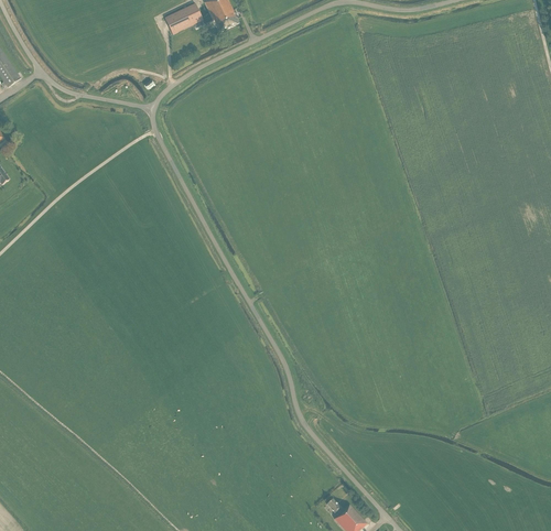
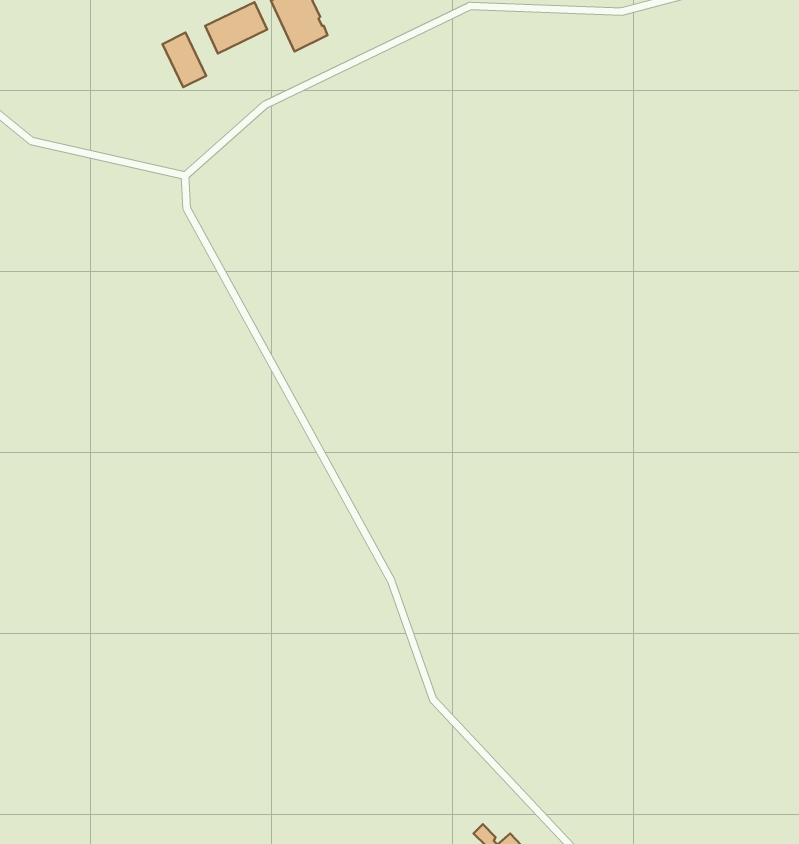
building: none -> [162,33,206,87]

